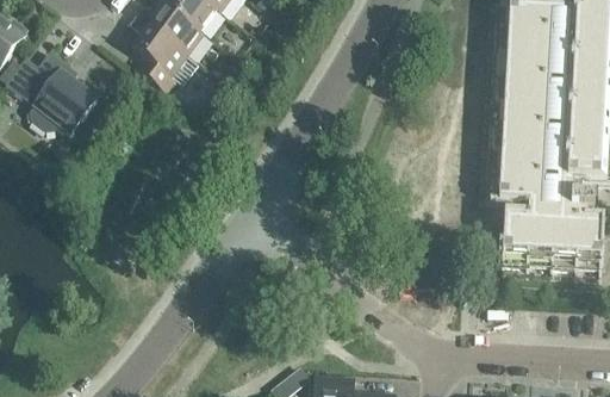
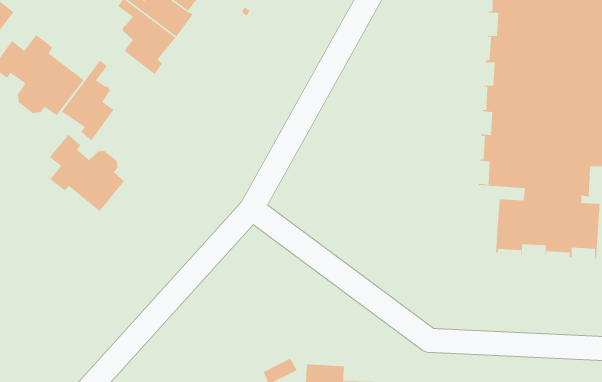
building: none -> [61,60,114,141]
building: none -> [49,134,125,212]

